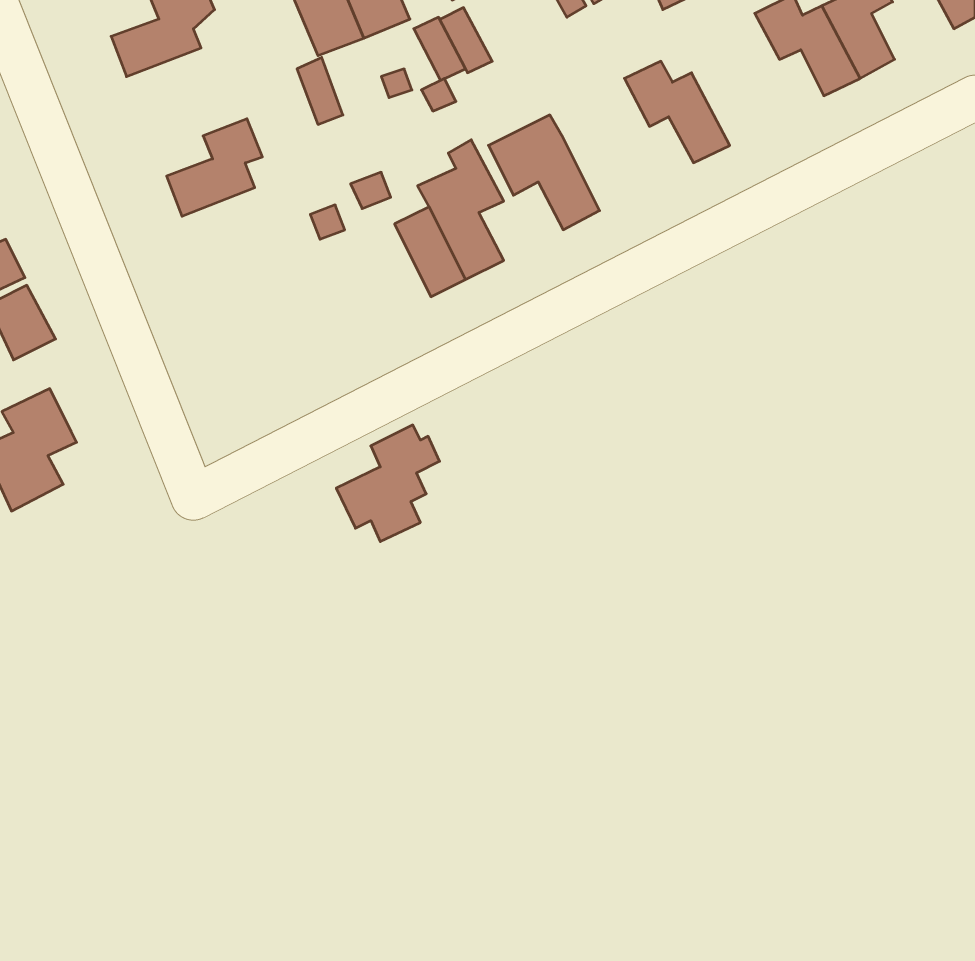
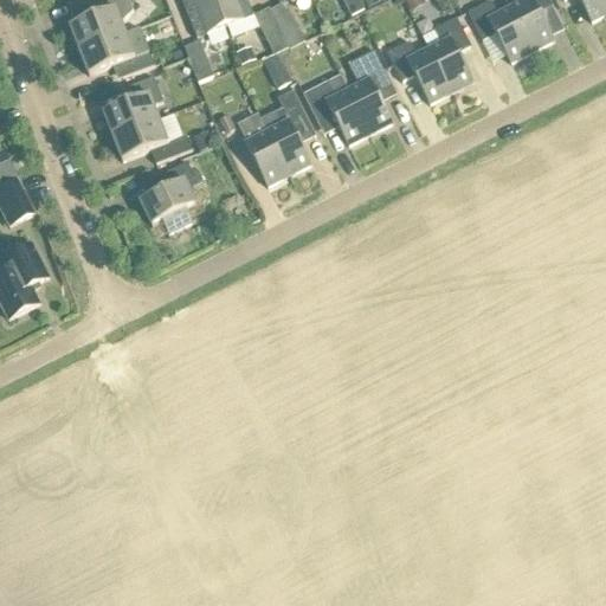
building: none -> [427,14,472,90]
building: none -> [78,30,154,75]
building: none -> [347,46,392,130]
building: none -> [112,116,192,160]
building: [336,425,440,542] -> [140,159,204,231]

